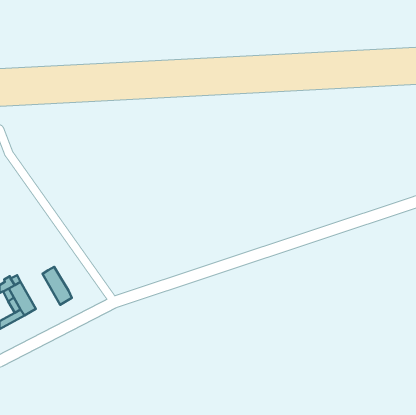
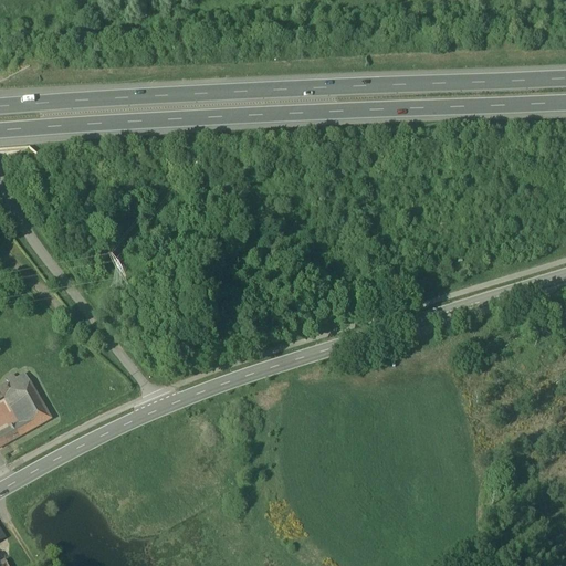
building: [42,267,72,305] -> none

